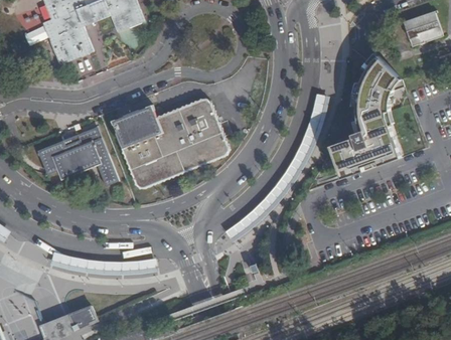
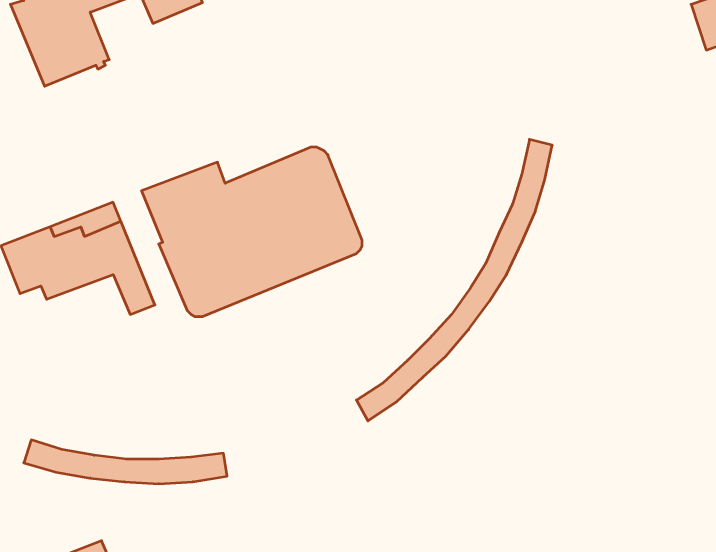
building: [328,54,402,177] -> none

